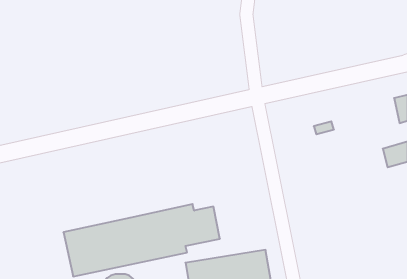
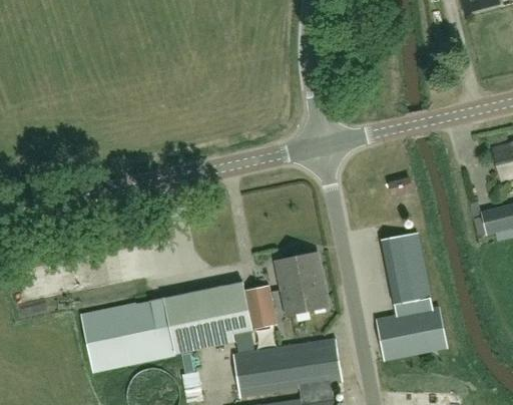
building: none -> [385,233,433,305]
building: none -> [276,252,326,313]
building: none -> [380,306,450,358]

